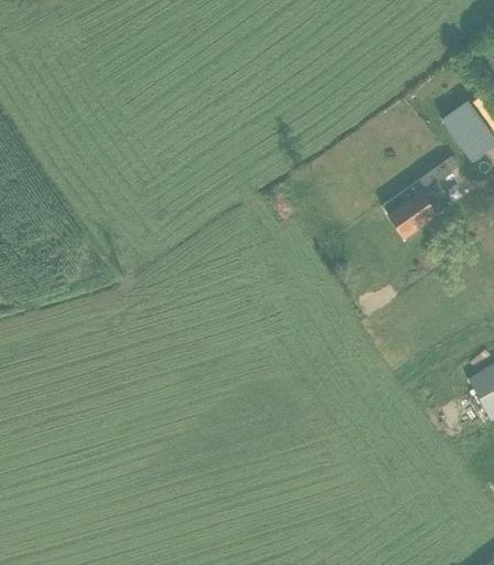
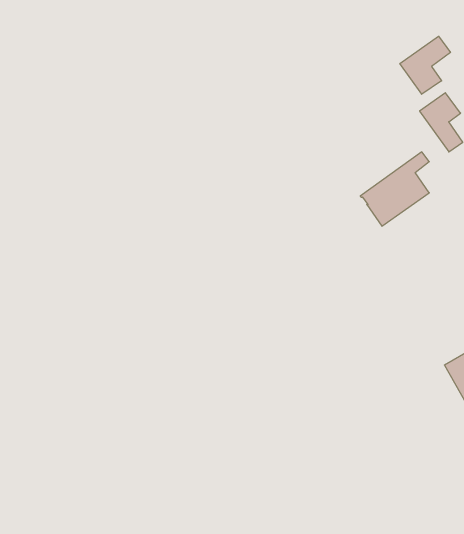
building: none -> [400,36,450,94]

